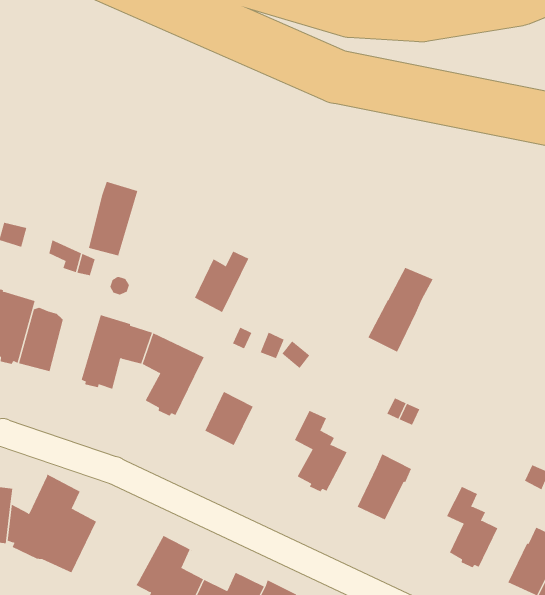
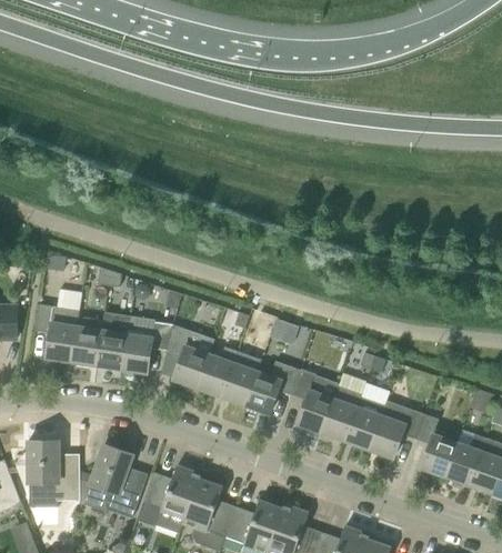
building: [88,181,138,256] -> [97,312,130,369]
building: [194,251,249,313] -> [198,348,237,396]
building: [368,267,434,353] -> [321,374,367,441]
building: none -> [245,362,300,414]
building: none -> [369,402,424,458]
building: none -> [445,431,485,485]
building: none -> [137,467,200,526]

